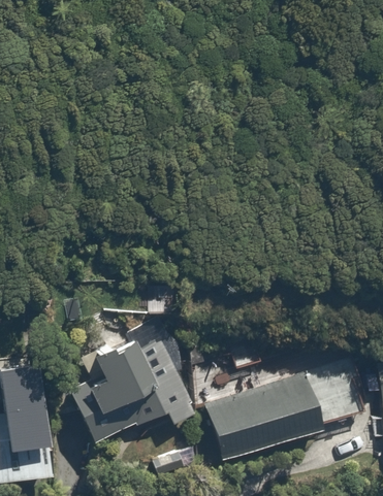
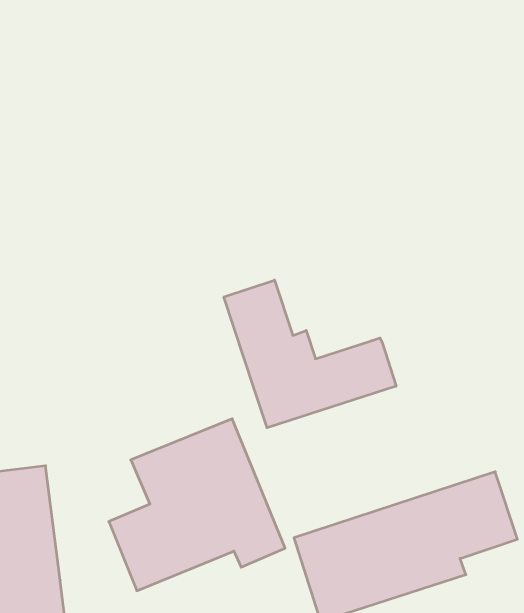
building: none -> [224,280,396,428]

